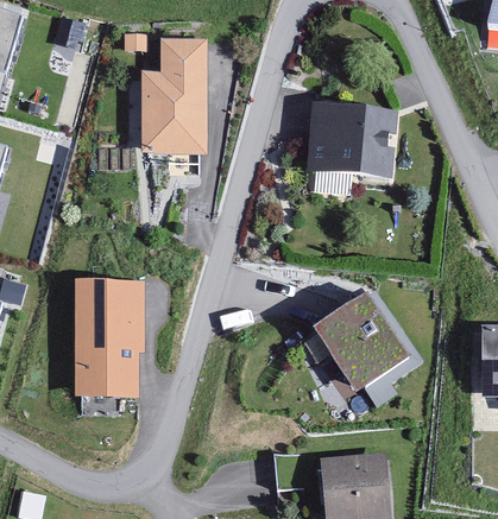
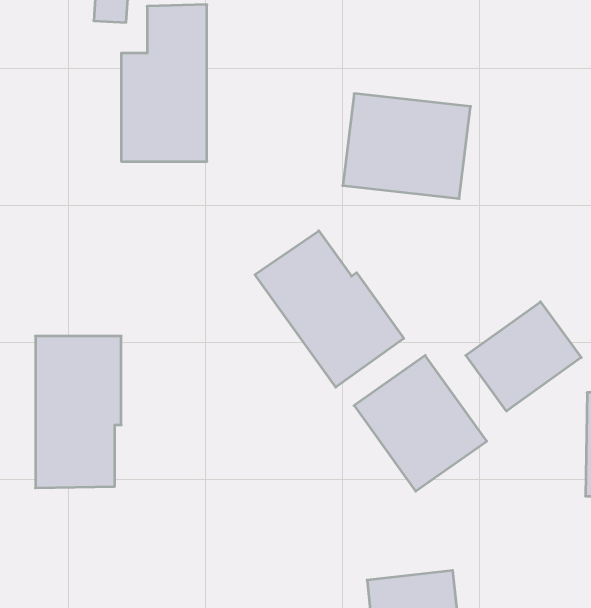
building: none -> [255,231,404,387]
building: none -> [466,302,581,411]

